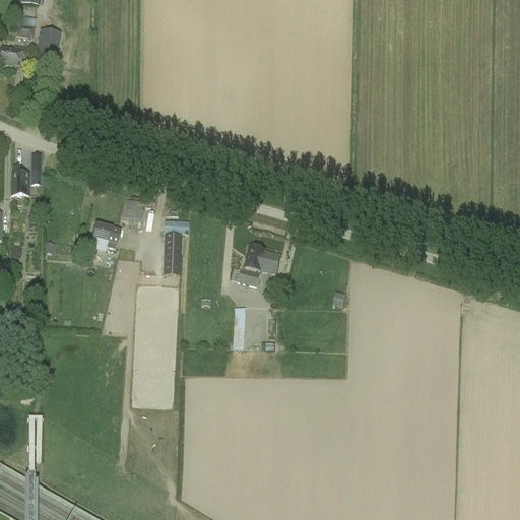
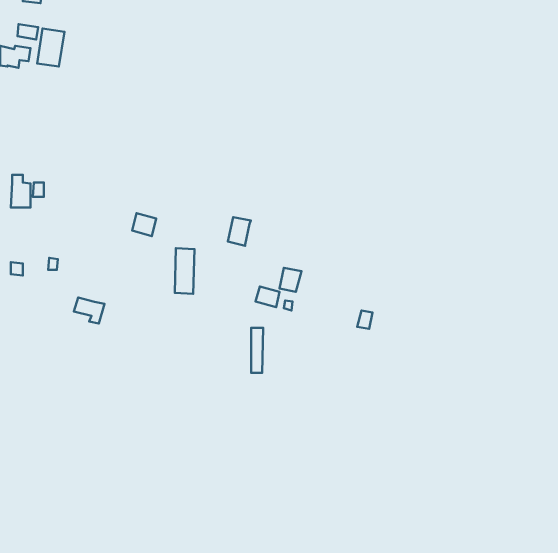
building: [91,221,120,246] -> [74,297,104,324]
building: [244,243,265,269] -> [228,217,251,246]

